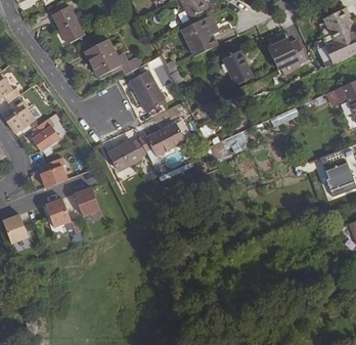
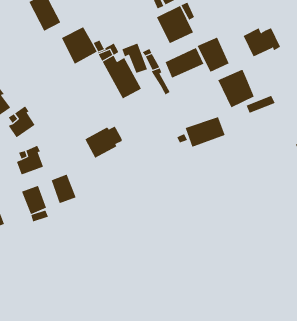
building: none -> [165,47,204,78]
building: none -> [218,68,255,108]
building: [139,123,184,155] -> none

